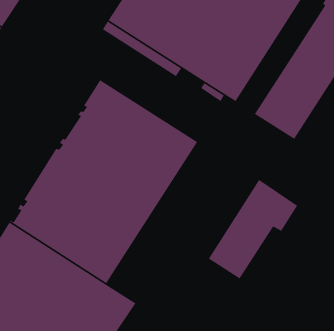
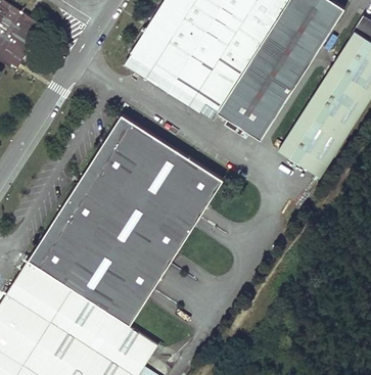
building: [208,179,298,279] -> none

